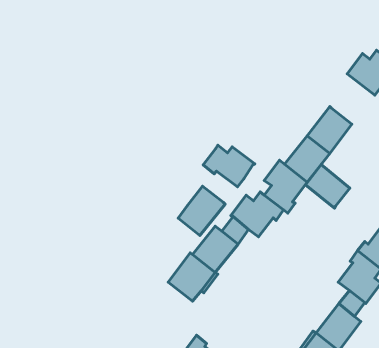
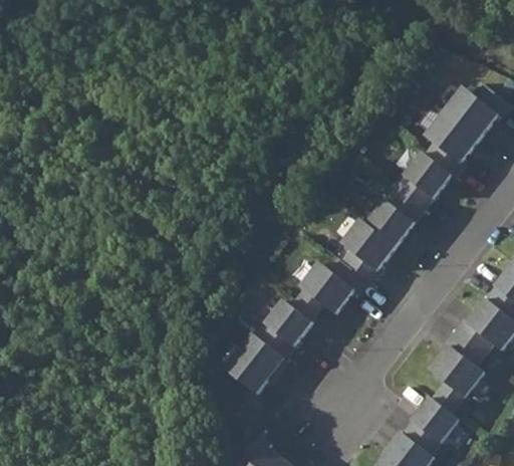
building: none -> [424,112,477,177]
building: [203,145,255,187] -> none
building: [305,165,350,208] -> none
building: [178,186,225,235] -> none

